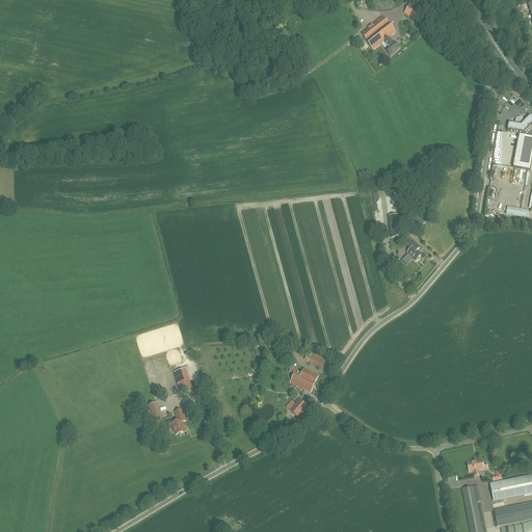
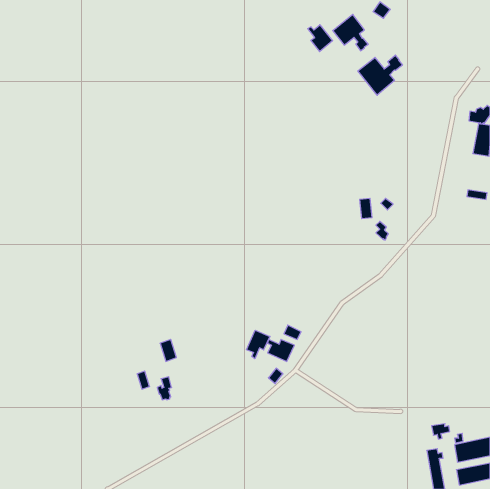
building: none -> [308,25,333,52]
building: none -> [358,55,402,95]
building: none -> [246,330,270,359]

